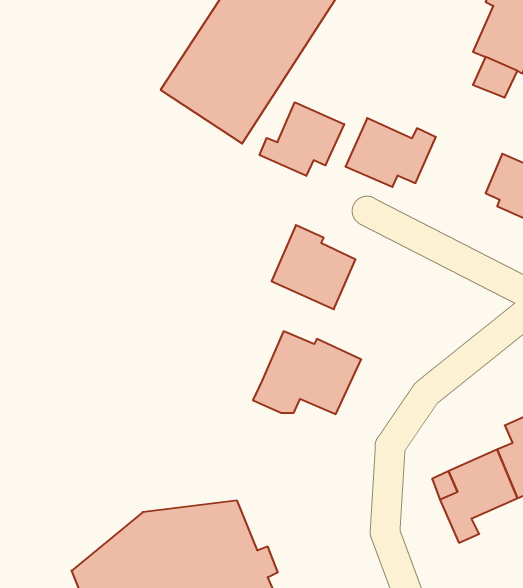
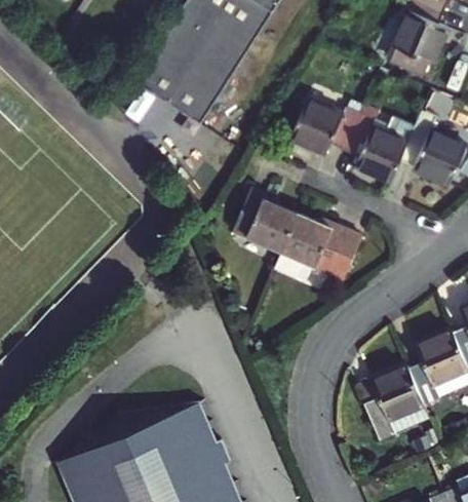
building: [260,102,344,176] -> none
building: none -> [345,115,415,184]
building: [253,331,361,414] -> [272,214,359,280]

